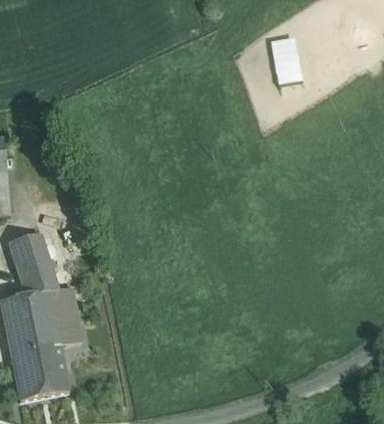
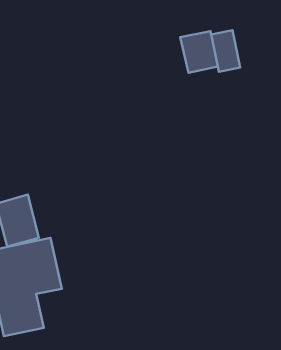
building: none -> [180,31,218,73]

